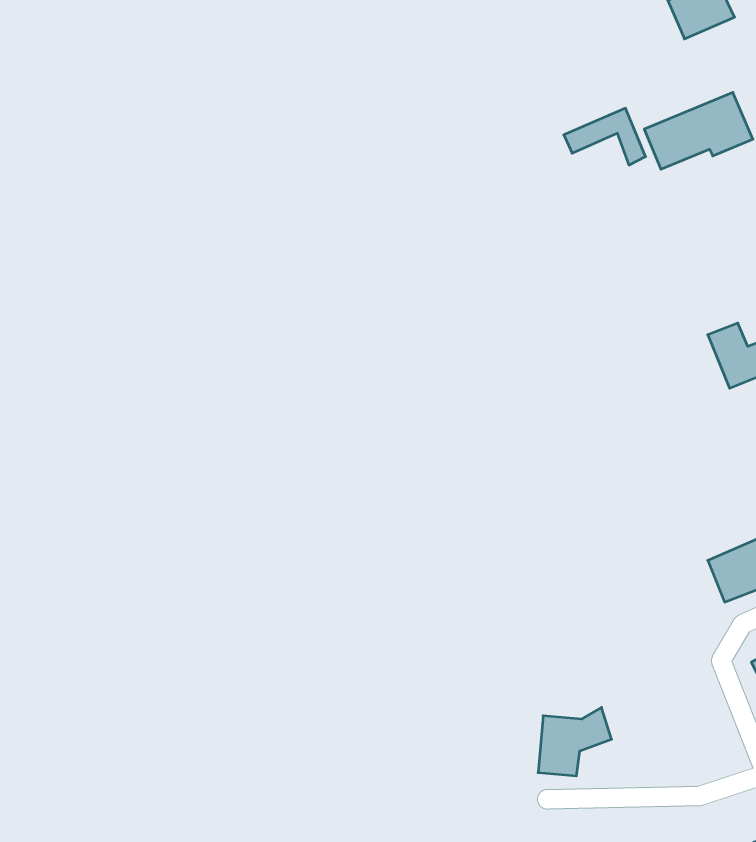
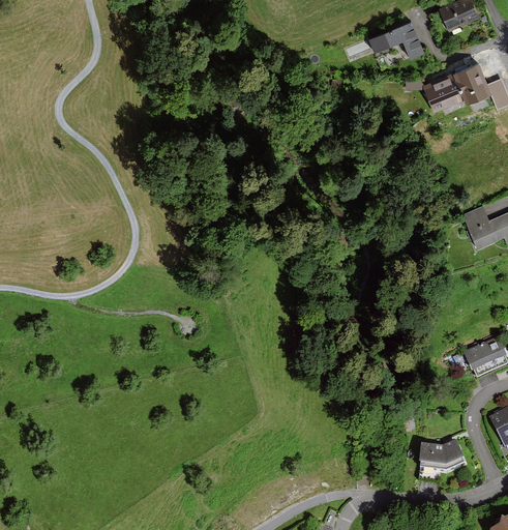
building: [564,108,646,165] -> [371,21,422,56]
building: [538,707,612,776] -> [416,440,461,482]

